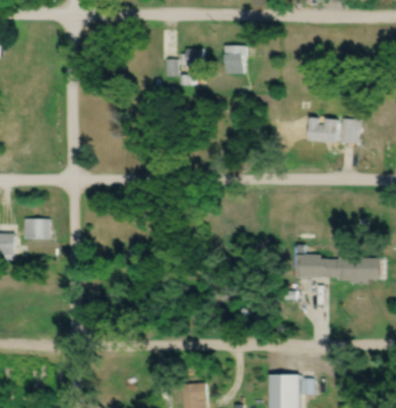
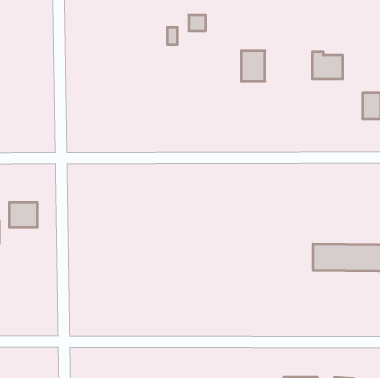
building: [222,46,244,73] -> [241,51,265,81]
building: [309,117,336,141] -> [312,52,343,79]

